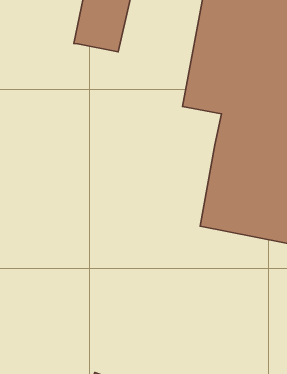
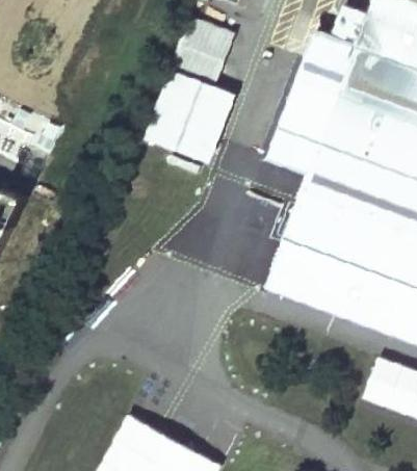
building: none -> [146,73,235,163]

